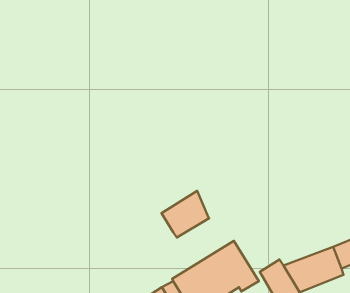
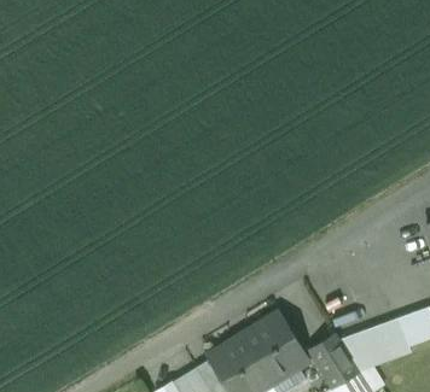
building: [161,191,209,237] -> none

